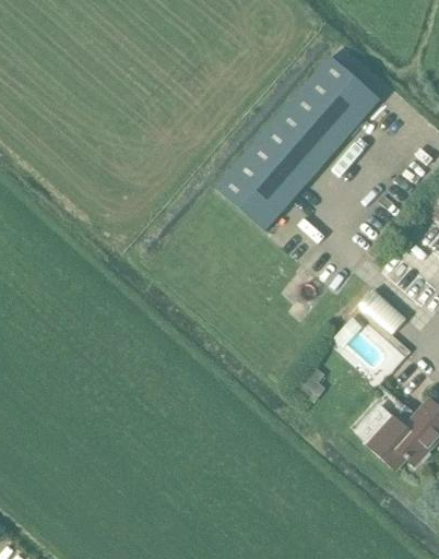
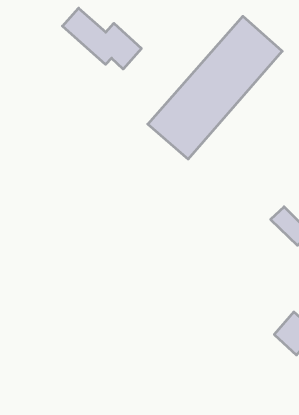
building: none -> [62,8,141,69]

